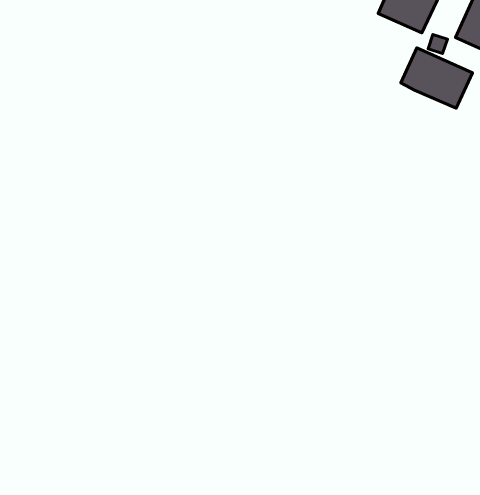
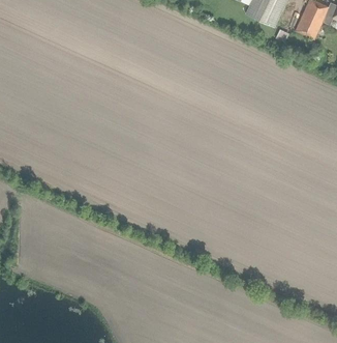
building: [401,48,472,108] -> none

